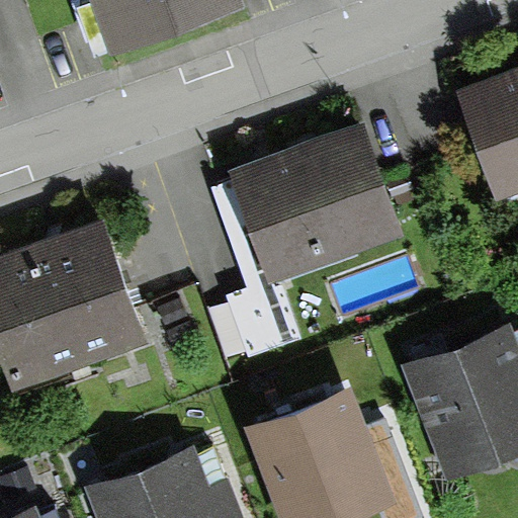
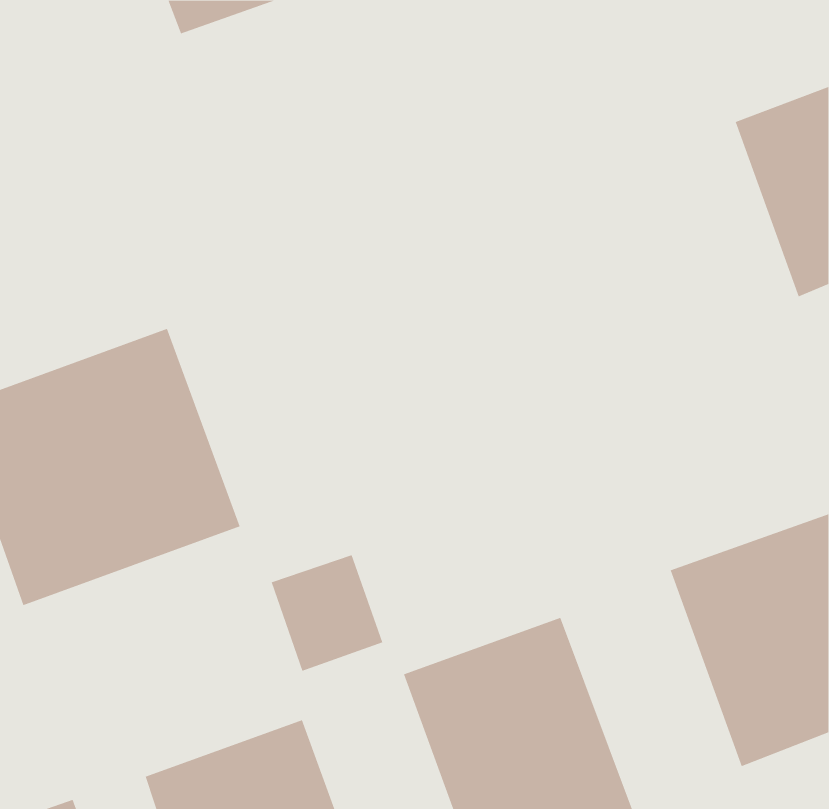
building: [211,120,405,290] -> none
building: [228,288,297,361] -> [271,555,383,672]

